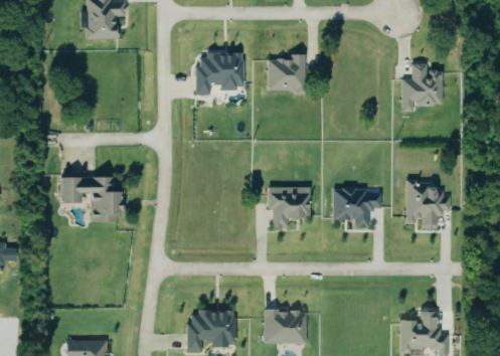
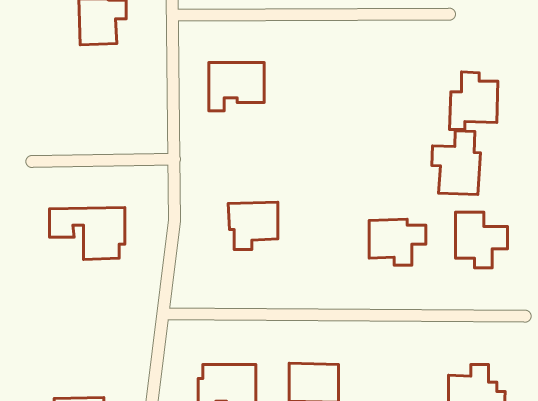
building: [268,53,304,90] -> none
building: none -> [432,131,480,194]
building: [268,186,310,226] -> [228,202,278,249]

